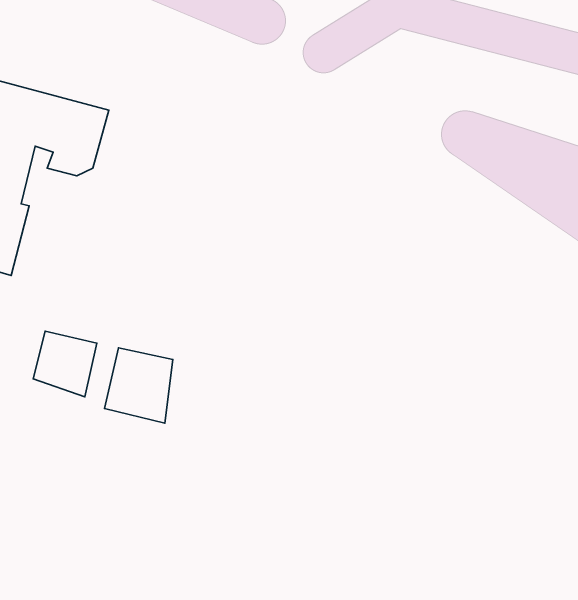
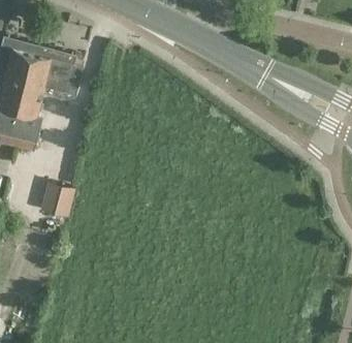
building: [104,348,173,423] -> none

